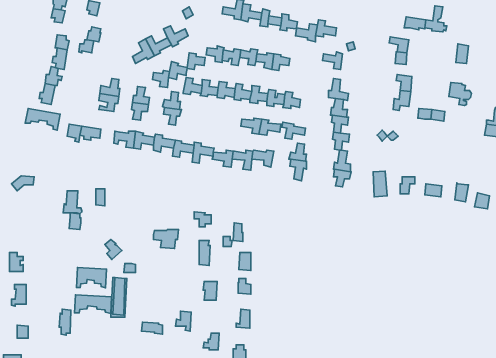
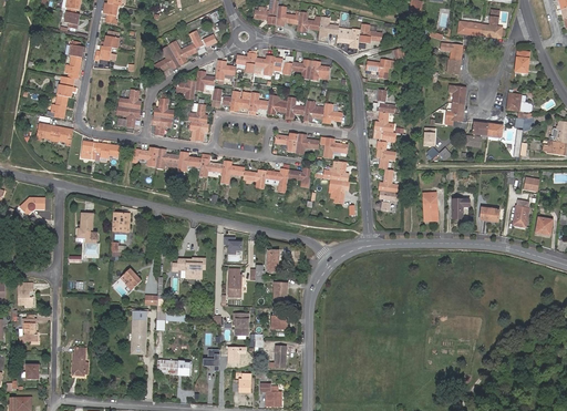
building: [76,268,106,288] -> none
building: [75,295,111,314] -> none

